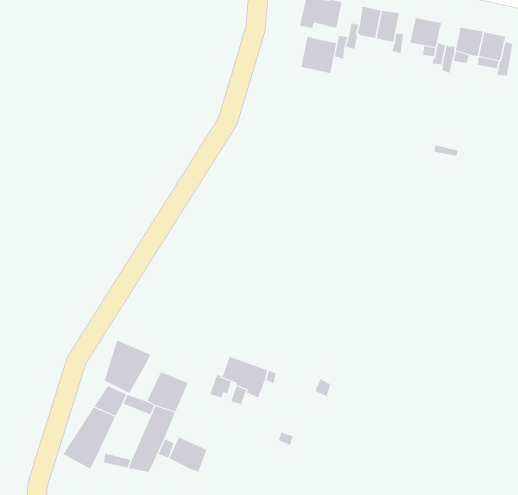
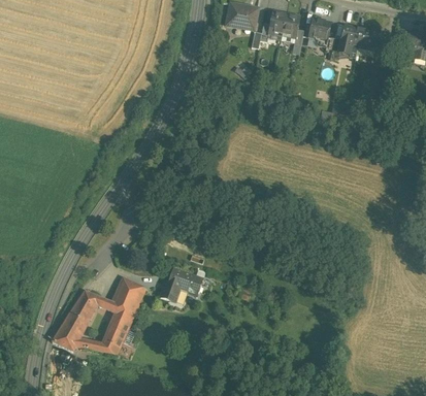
building: [301,36,337,74] -> none
building: [104,340,151,394] -> none
building: [169,436,207,473] -> none

